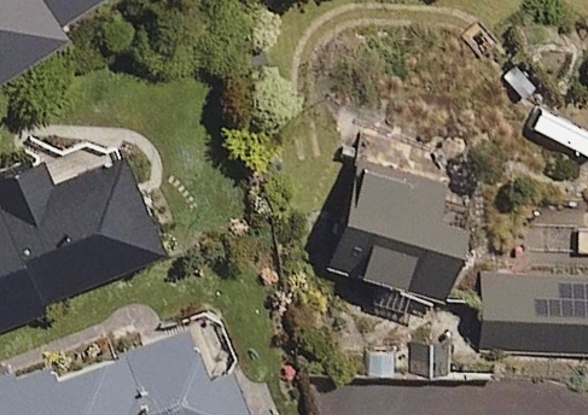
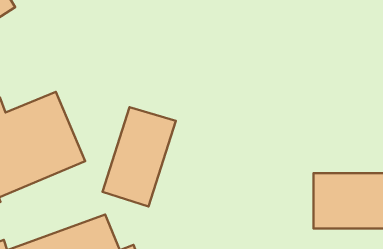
building: [328,170,476,306] -> none
building: none -> [103,107,176,207]

